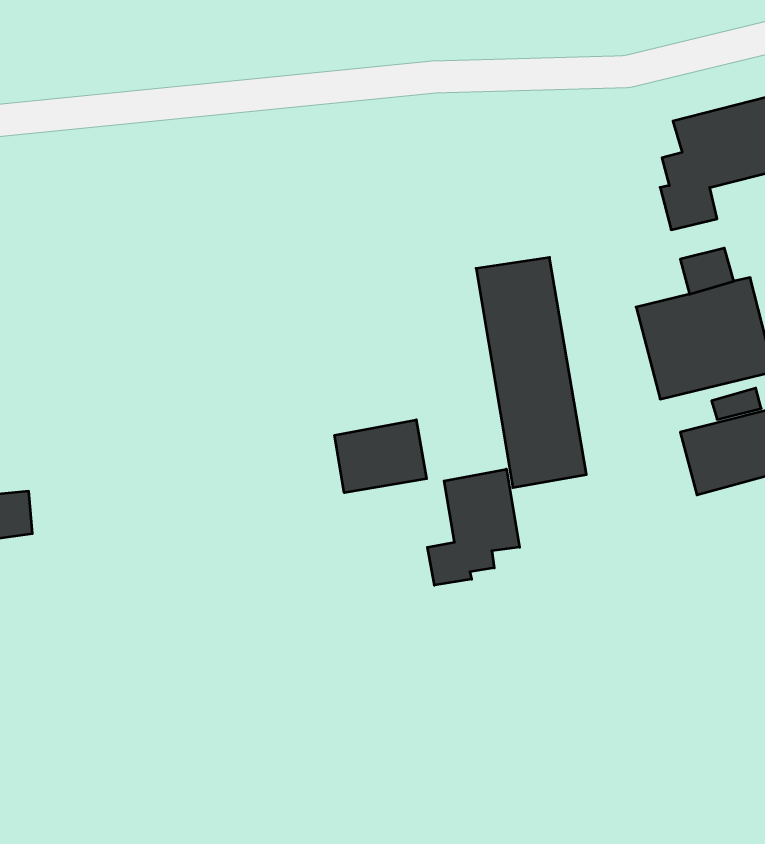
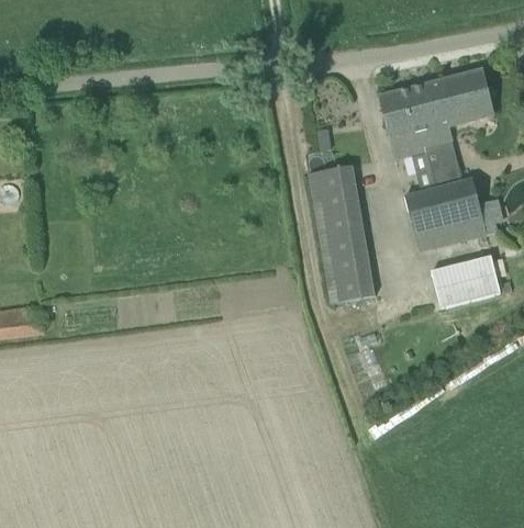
building: none -> [380,85,432,157]
building: [335,420,427,493] -> none
building: [427,469,520,585] -> none

